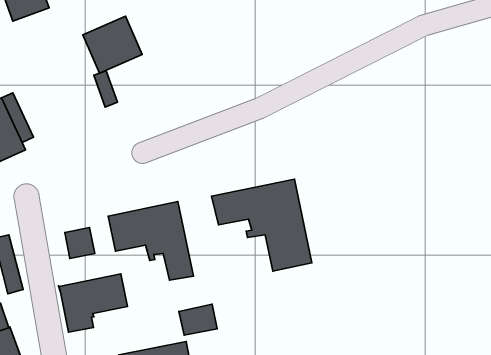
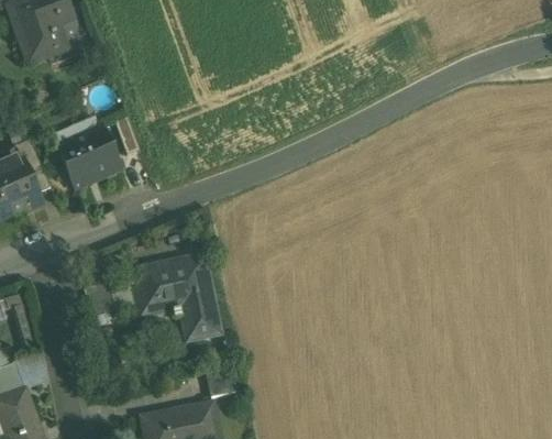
building: [83,16,142,73] -> [56,127,119,187]
building: [212,179,312,271] -> none
building: [59,274,127,332] -> none

